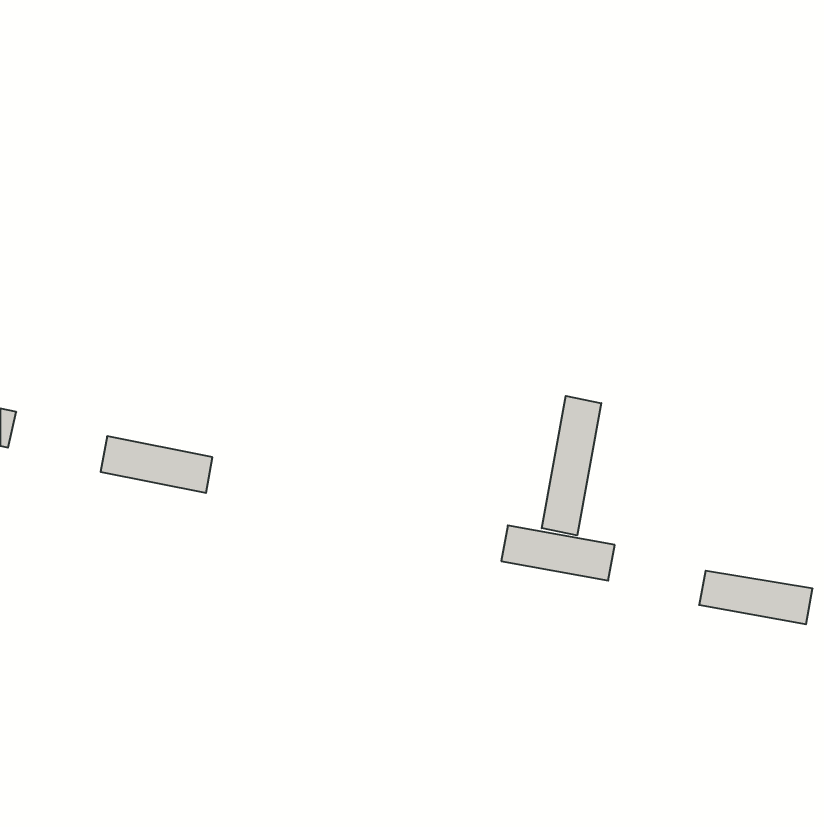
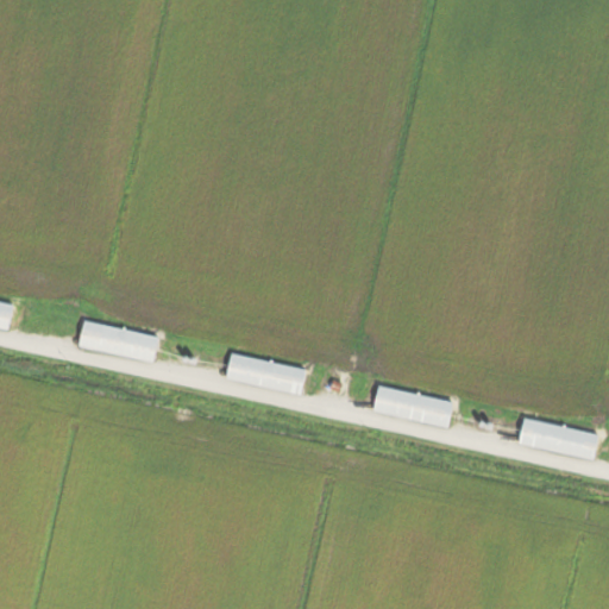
building: [542,396,601,535] -> none
building: none -> [224,352,308,394]

